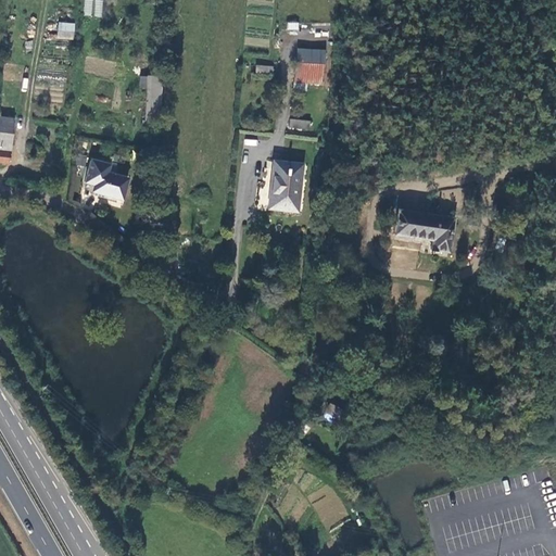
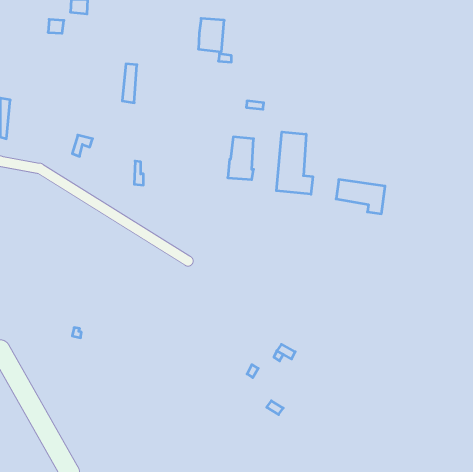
building: [293,46,324,85] -> [198,18,224,52]
building: none -> [276,132,313,194]
building: [92,169,126,199] -> none

